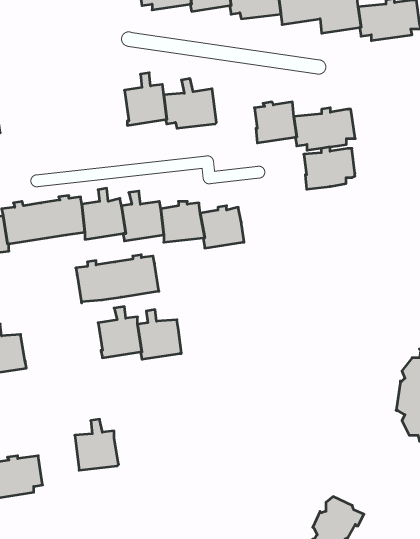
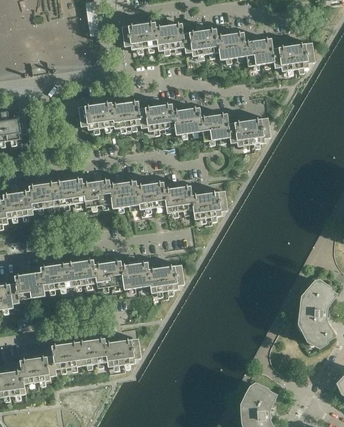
building: none -> [78,102,115,130]
building: none -> [173,106,203,135]
building: [304,147,355,189] -> [192,190,227,219]
building: [76,255,159,303] -> [40,258,97,291]
building: none -> [149,264,184,293]
building: none -> [51,335,81,369]
building: none -> [105,338,141,367]

